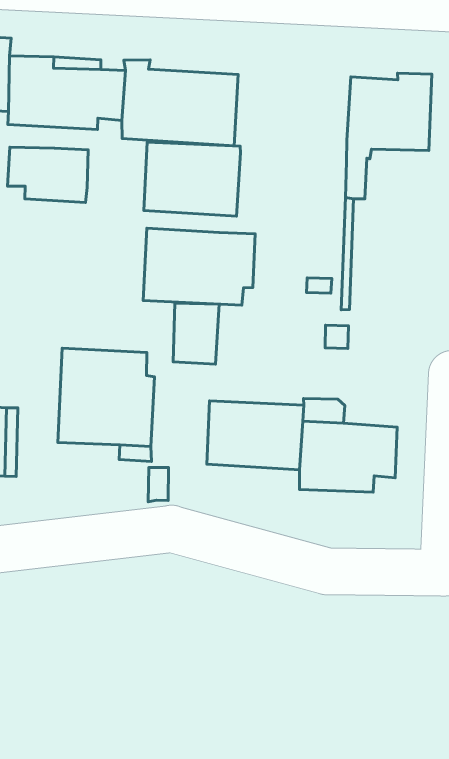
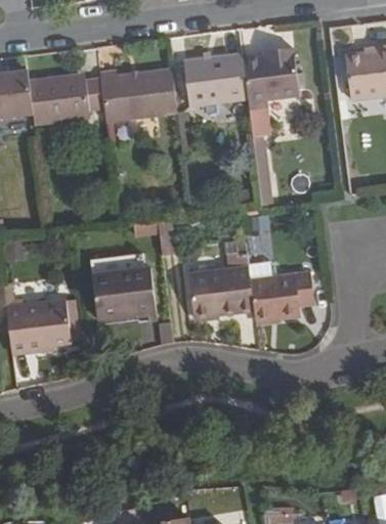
building: [144,142,241,216] -> [183,54,247,104]
building: [8,147,88,203] -> none
building: [143,228,255,305] -> none

